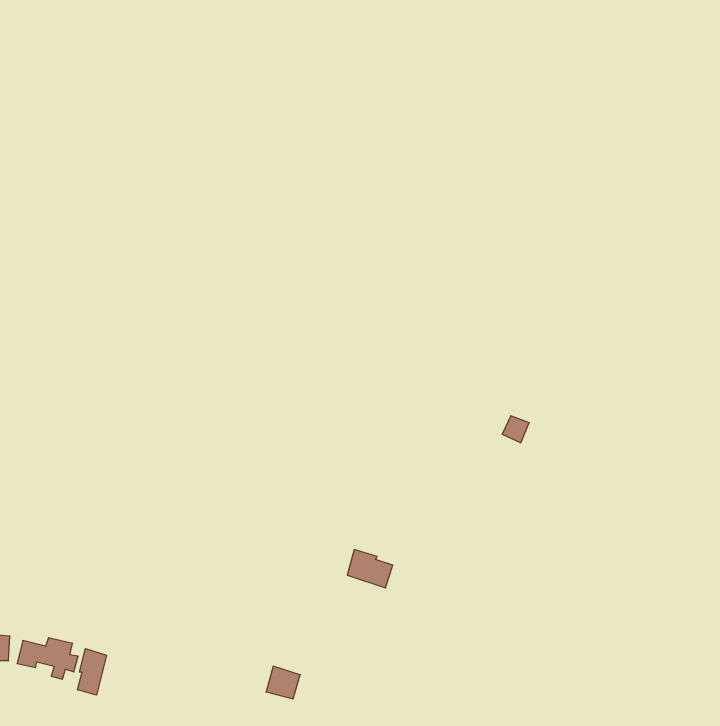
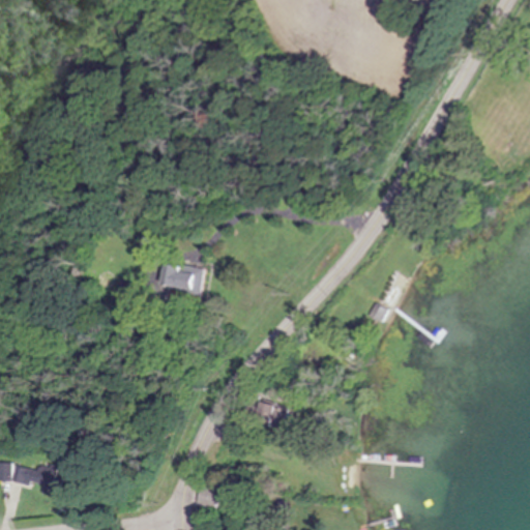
building: none -> [160,262,203,293]
building: [78,649,106,695] -> none

